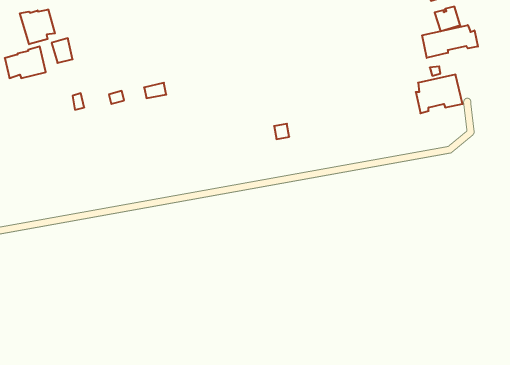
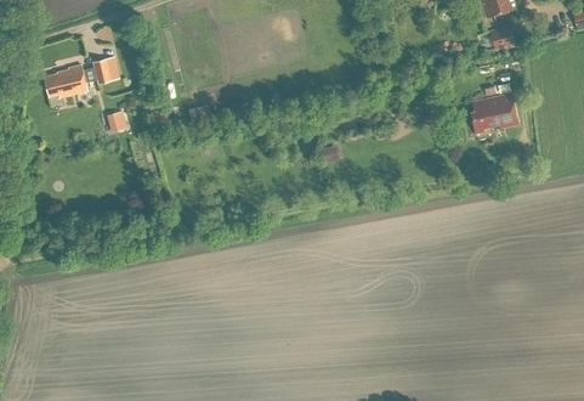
building: [20,9,55,44] -> none
building: [422,25,478,58] -> none

